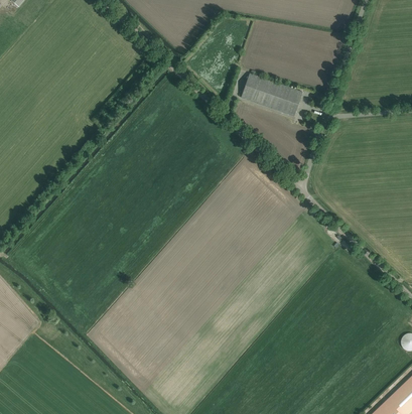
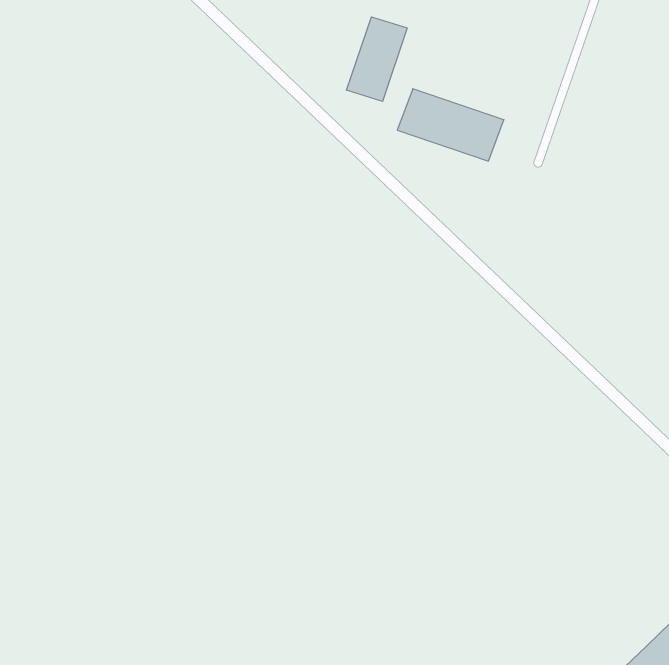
building: none -> [346,17,407,101]

